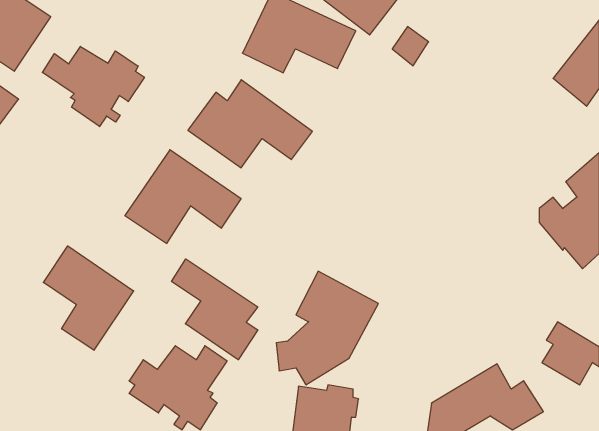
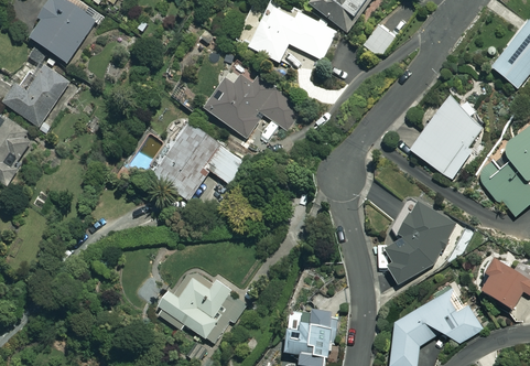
building: [42,46,144,127] -> none
building: none -> [411,98,482,180]
building: [43,246,134,350] -> none
building: [172,259,258,360] -> none
building: [276,271,378,385] -> [376,197,456,287]

